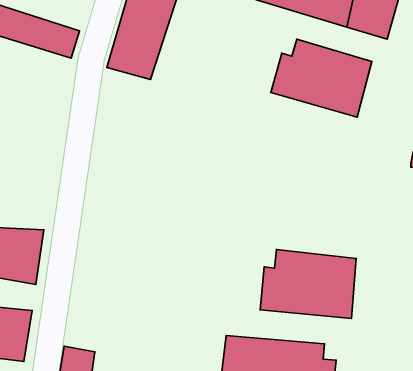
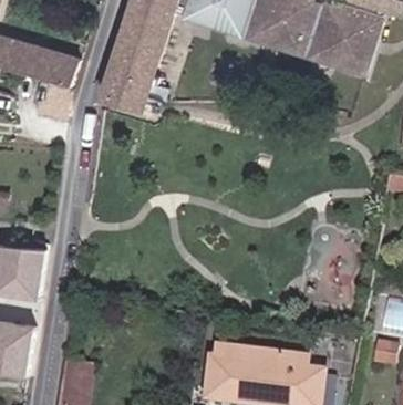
building: [271,39,372,117] -> none
building: [260,250,356,318] -> none

